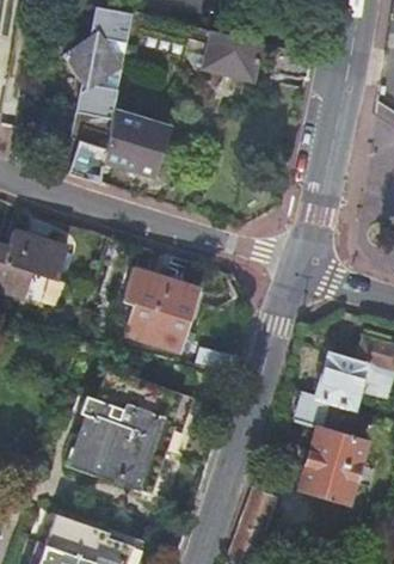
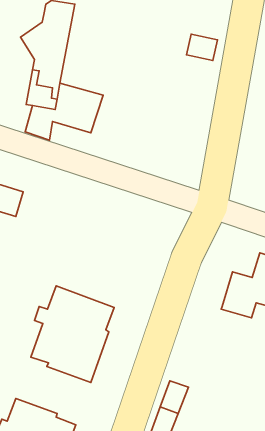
building: [201,31,264,84] -> none
building: [122,271,197,351] -> none
building: [296,392,368,504] -> none

